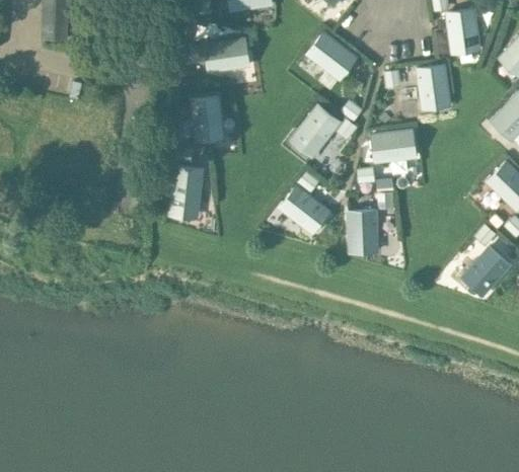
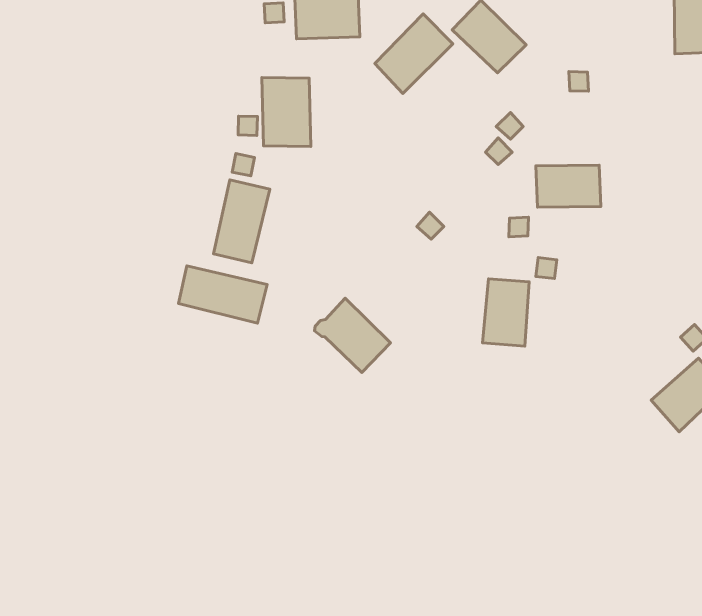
building: [418,66,449,109] -> none
building: [291,105,340,158] -> [375,14,453,94]
building: [279,186,328,233] -> [315,298,391,373]
building: none -> [179,266,267,323]

